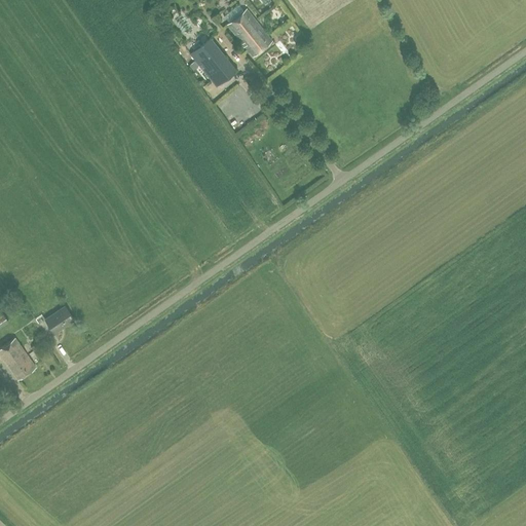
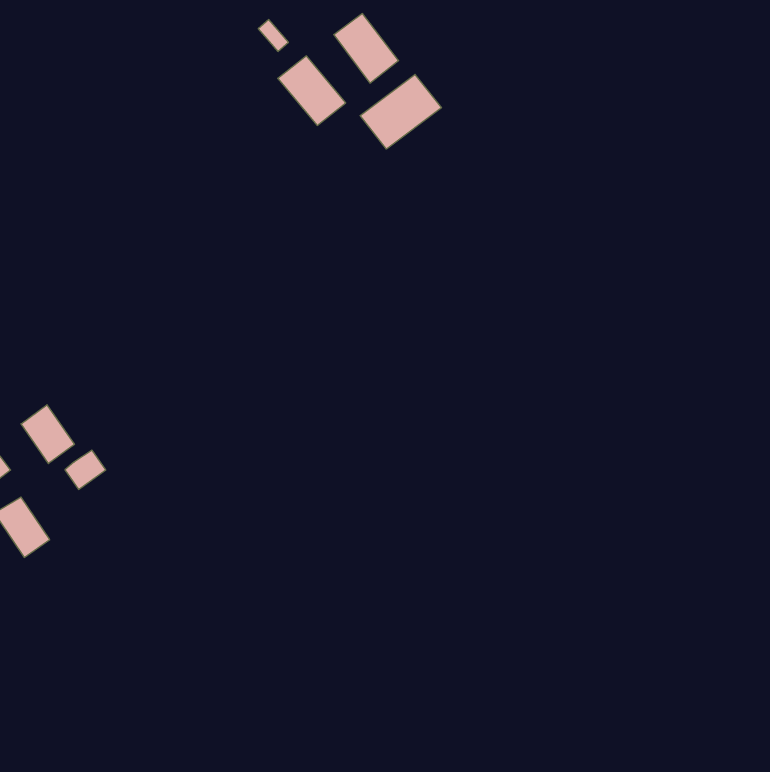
building: none -> [360,74,441,149]
building: none -> [21,405,74,464]

